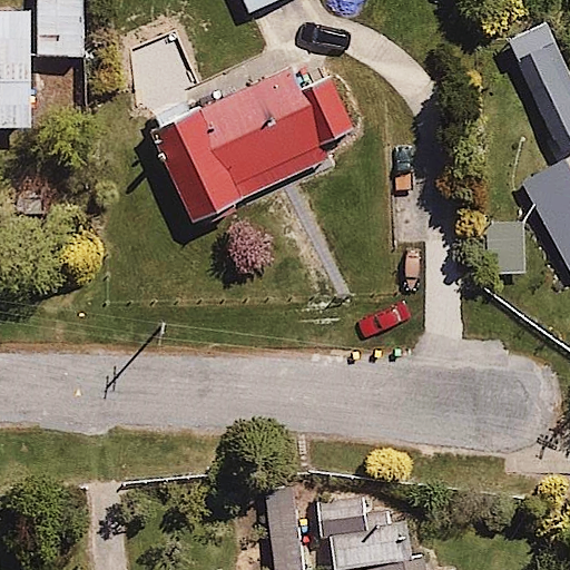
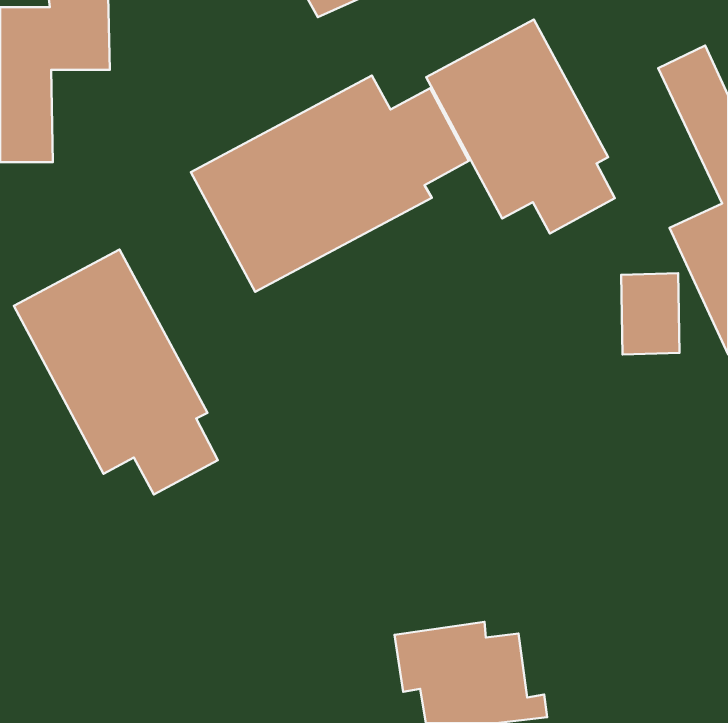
building: none -> [426,20,615,233]
building: none -> [14,249,218,495]

